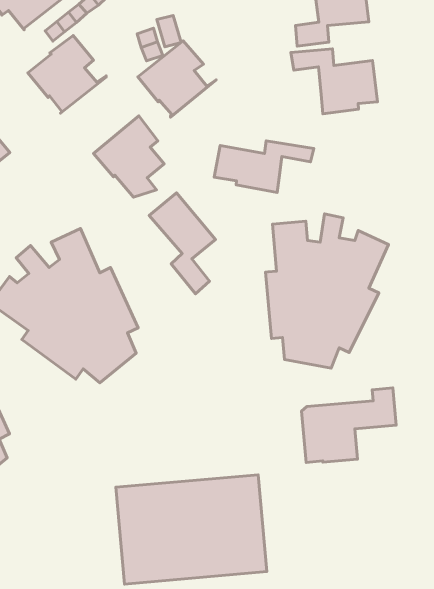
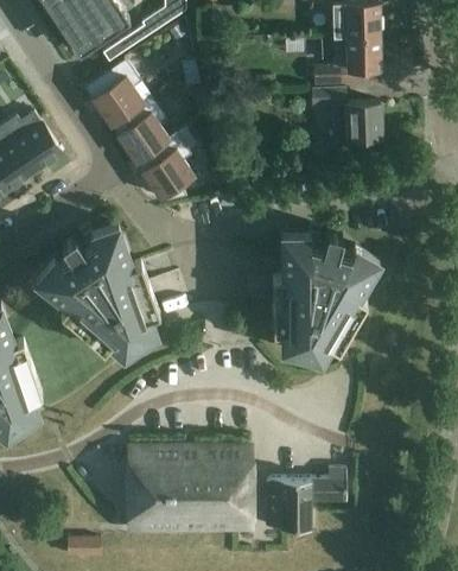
building: [138,41,216,117] -> [109,96,176,160]
building: [214,141,314,193] -> none
building: [149,193,215,294] -> none
building: [302,388,396,462] -> [266,469,345,527]

